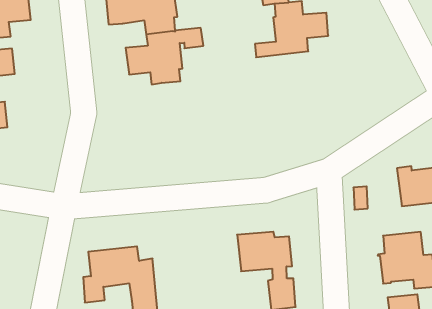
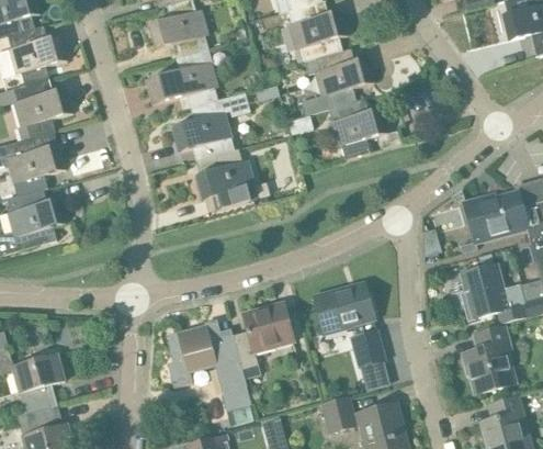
building: none -> [305,99,388,158]
building: none -> [196,147,270,211]
building: none -> [233,304,293,368]

